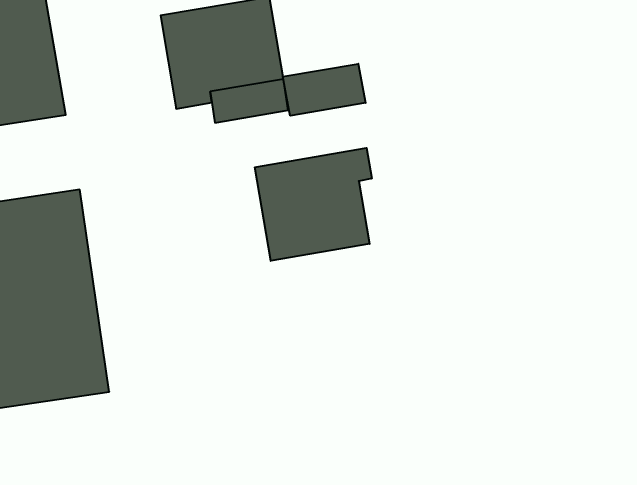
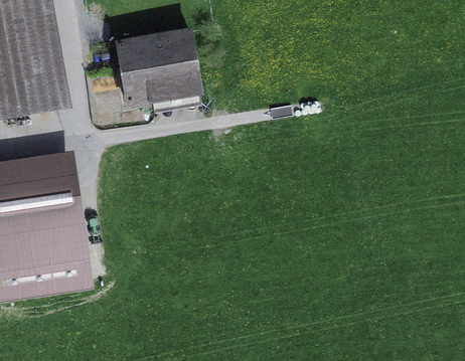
building: [283,64,366,116] -> none
building: [255,148,372,261] -> none

